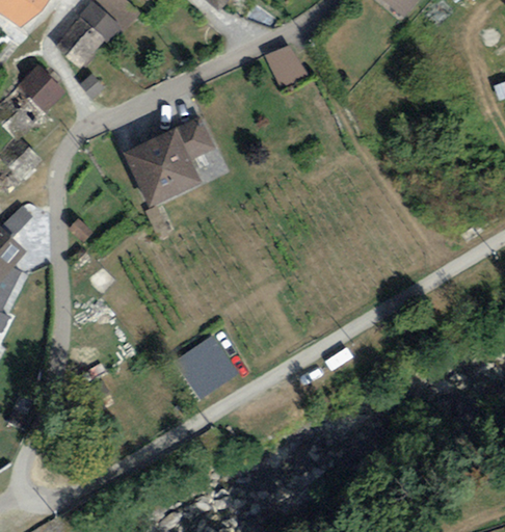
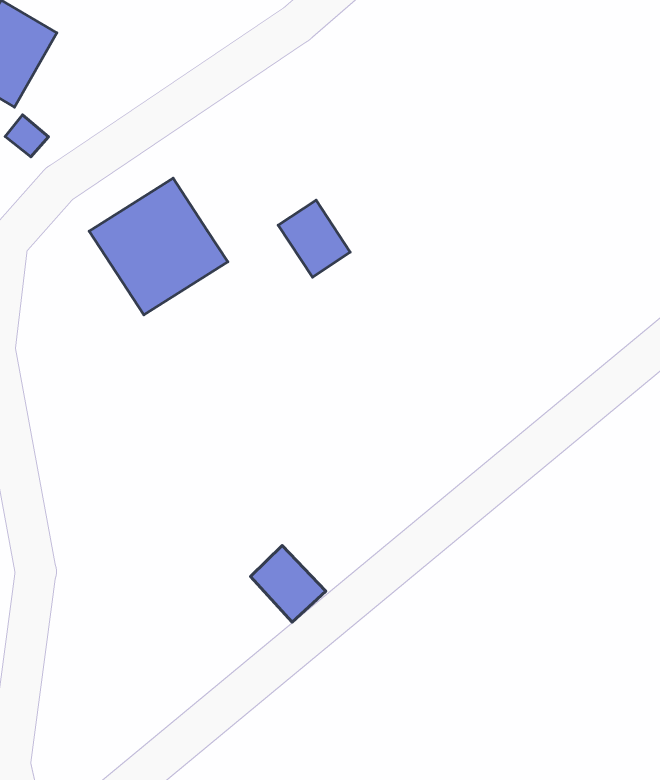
building: [264,45,311,87] -> none
building: [177,113,217,159] -> [278,200,350,277]

